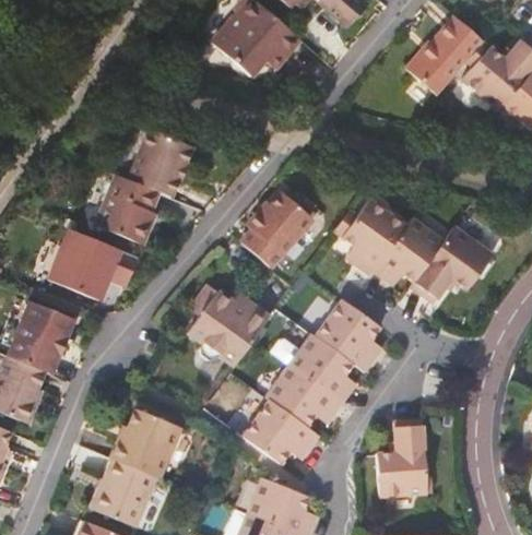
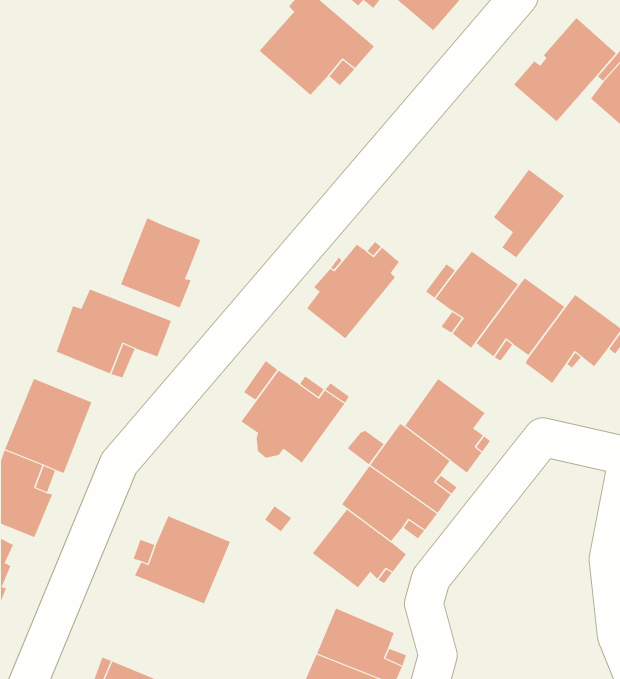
building: [128,129,191,195] -> none
building: none -> [493,169,565,258]
building: [378,419,428,496] -> none
building: [94,455,159,525] -> none

